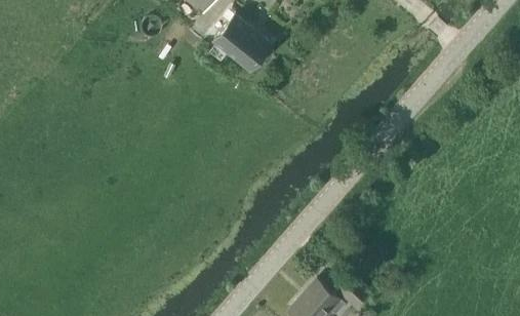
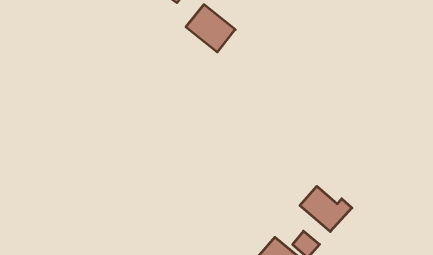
building: none -> [300,186,352,232]

